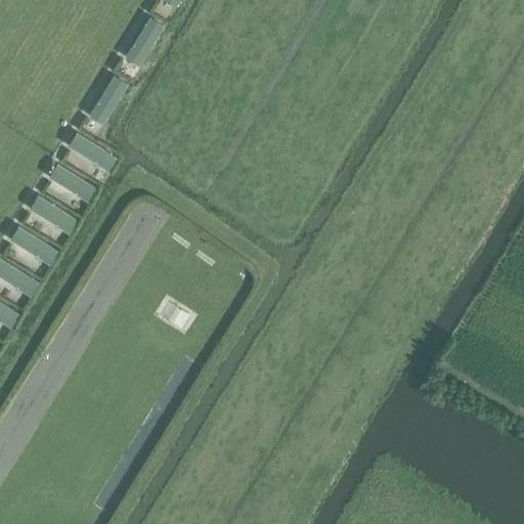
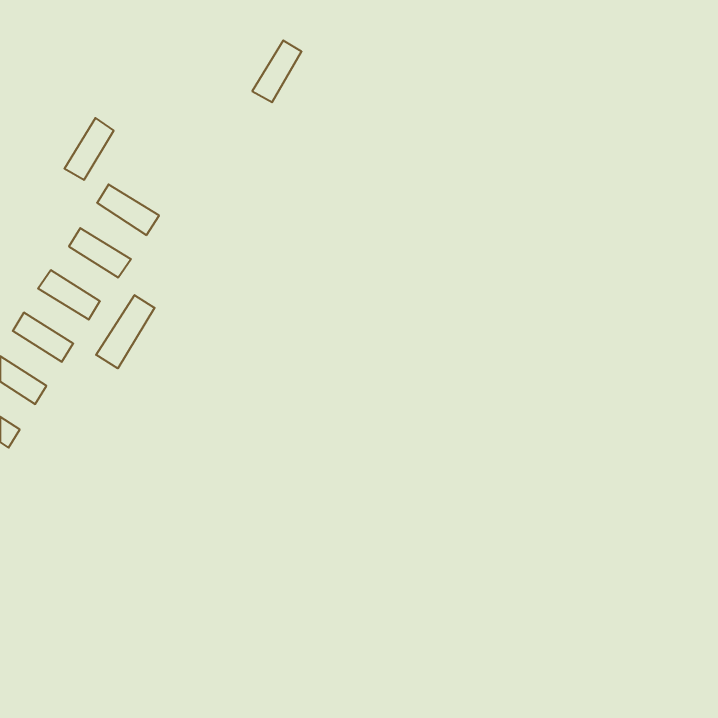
building: [126,19,162,64] -> [252,40,302,102]
building: [90,77,126,122] -> [64,118,114,180]
building: none -> [96,295,155,368]

